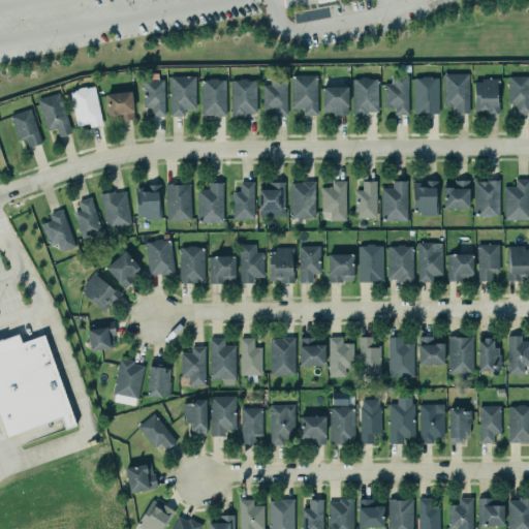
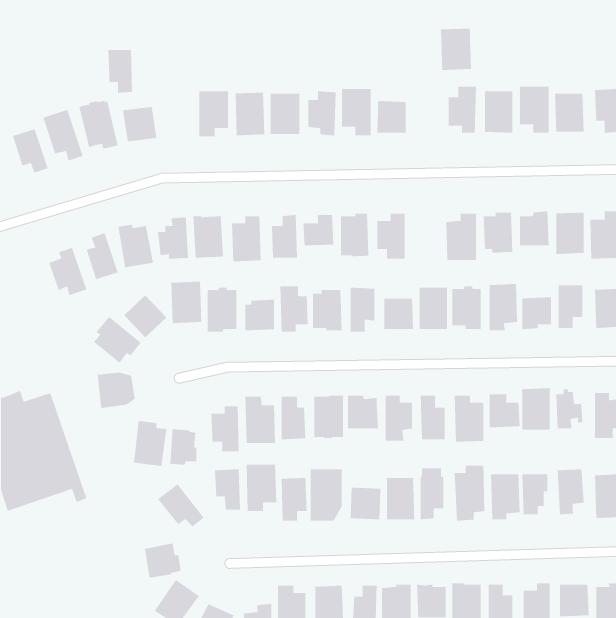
building: [353,79,380,115] -> [440,28,472,70]
building: [145,81,166,118] -> [107,50,133,93]
building: [356,183,378,219] -> none

